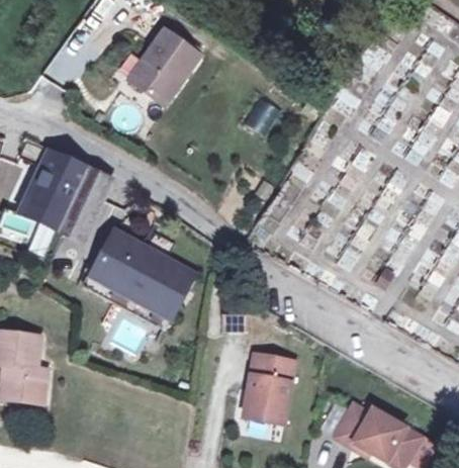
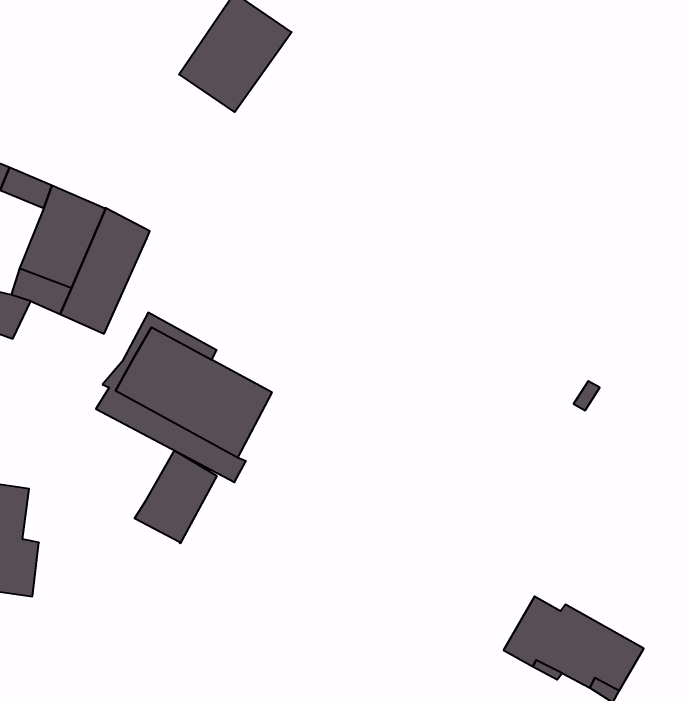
building: none -> [135,450,217,543]
building: [242,353,293,423] -> none

